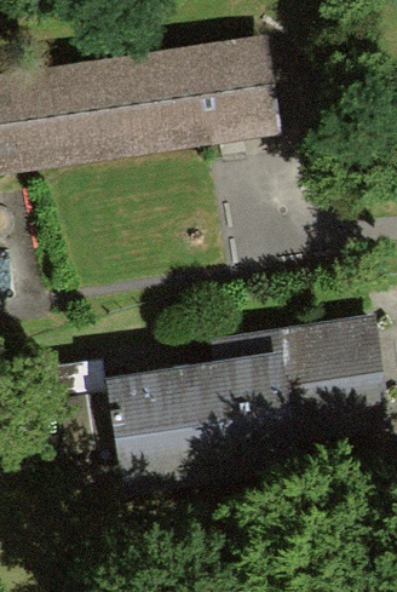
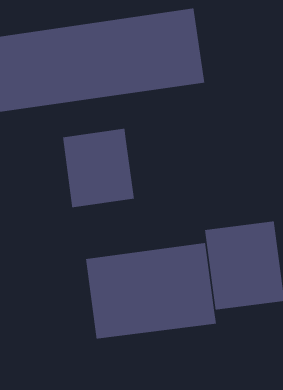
building: none -> [62,128,134,208]

